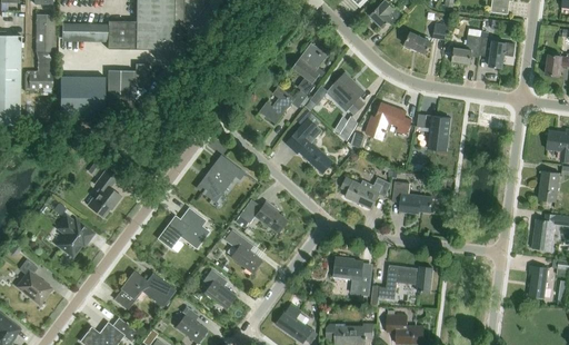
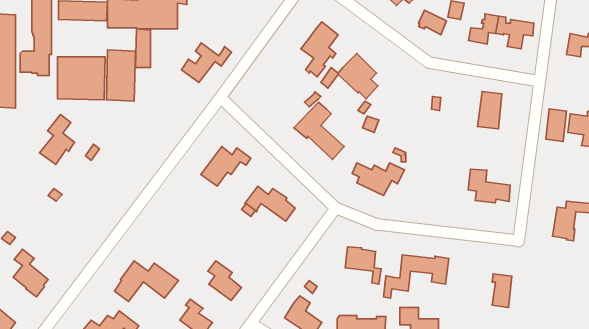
building: [260,86,308,124] -> [181,43,232,83]
building: [366,102,411,139] -> none
building: [427,115,450,150] -> [477,92,502,129]
building: [88,169,121,217] -> [39,114,74,164]
building: [539,170,559,201] -> [546,109,567,141]
building: [392,181,432,214] -> [468,169,510,203]
building: [158,208,209,248] -> none
building: [58,217,93,256] -> none
building: [224,230,262,273] -> none
building: [529,265,548,297] -> [492,274,512,308]

